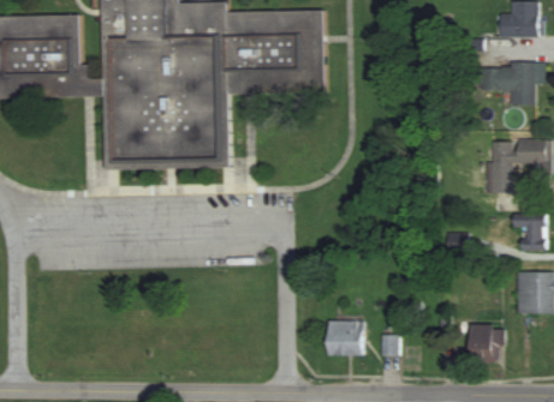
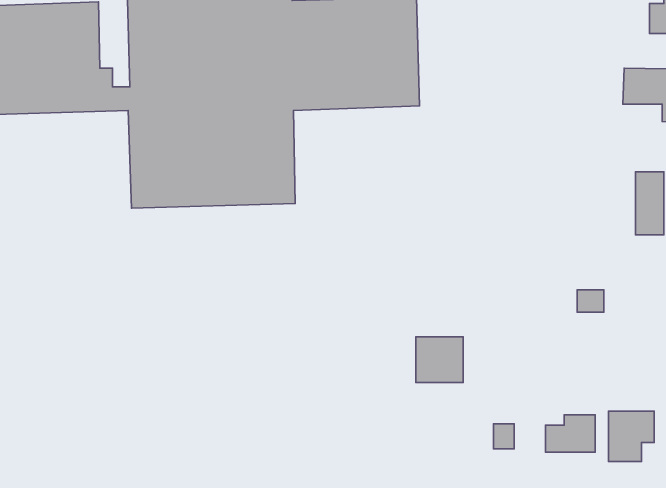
building: [326,320,362,355] -> [416,337,463,383]
building: none -> [546,415,595,452]

